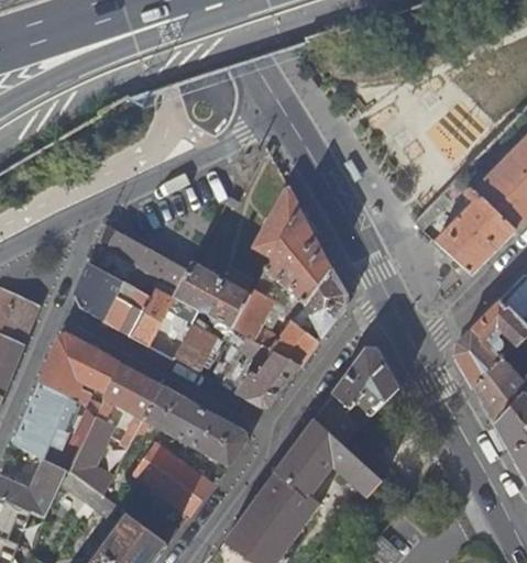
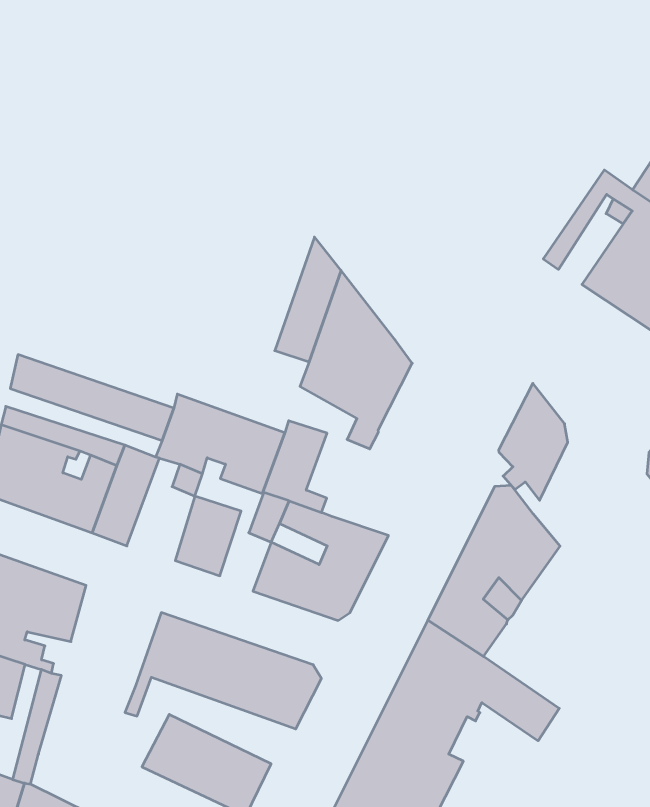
building: [305,267,345,335] -> [499,383,568,500]
building: [270,321,319,365] -> none
building: [105,363,162,426] -> none
building: [77,405,117,470] -> none

